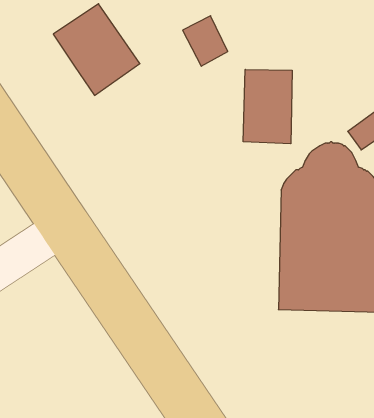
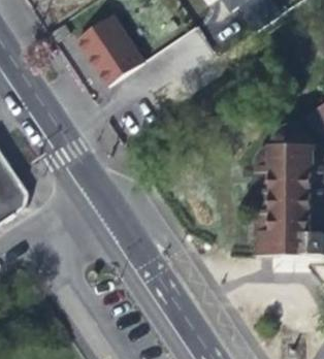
building: [243,69,292,144] -> none

